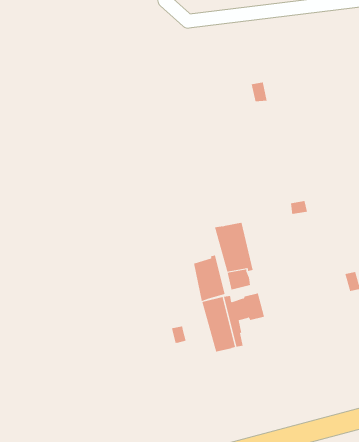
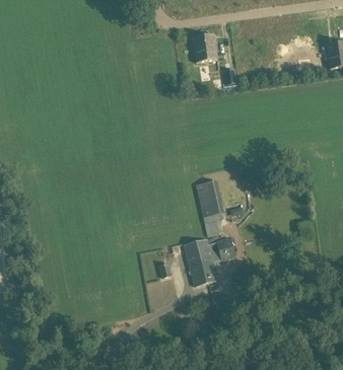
building: none -> [192,33,217,61]
building: [194,254,225,302] -> none

